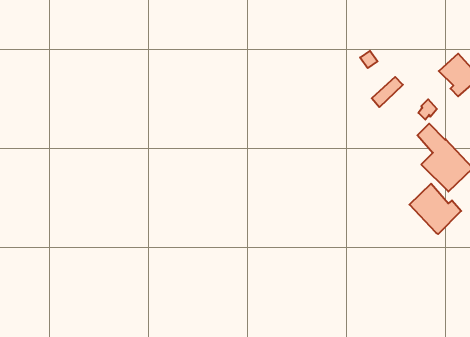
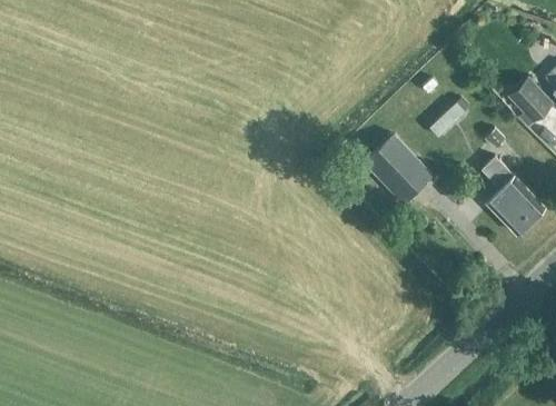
building: none -> [365,135,431,204]
building: [409,184,461,234] -> none

